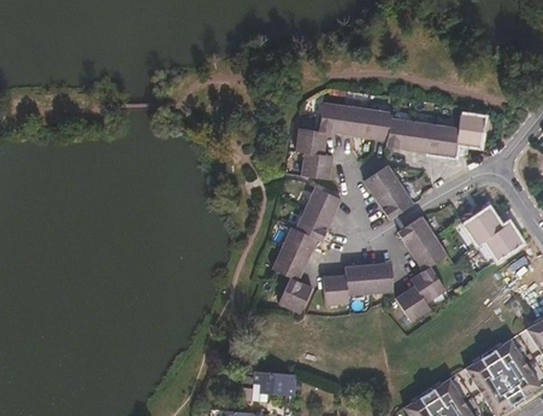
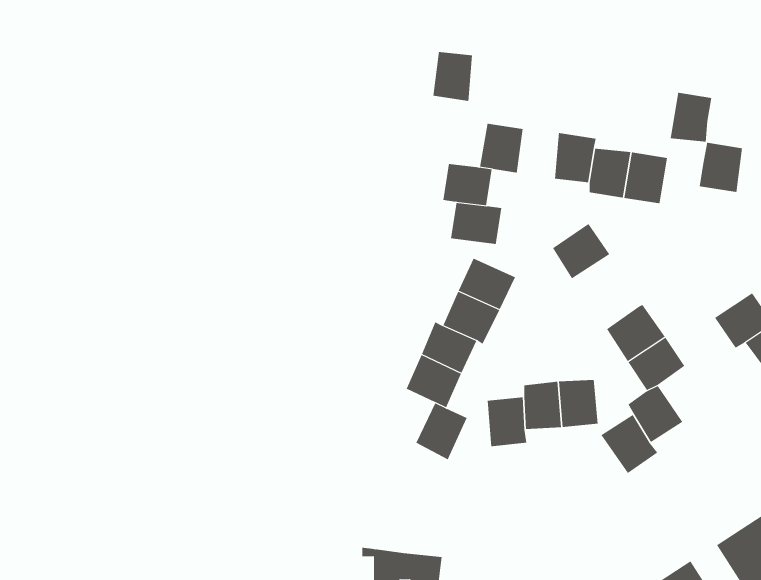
building: [343,106,368,137] -> [432,51,473,101]
building: [432,124,459,156] -> [670,92,712,142]
building: [377,184,413,219] -> none

